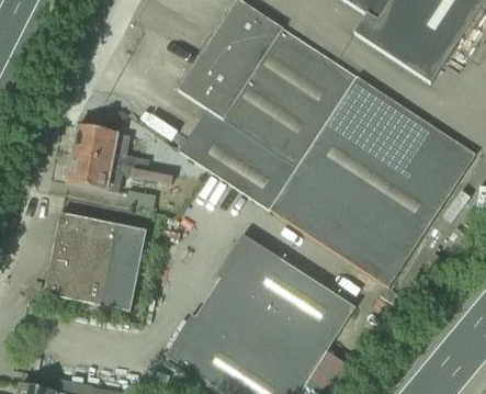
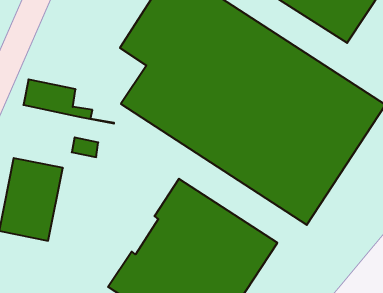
building: [66,153,172,192] -> none
building: [99,223,148,311] -> none

